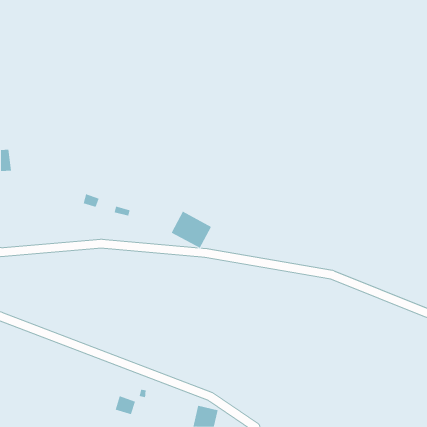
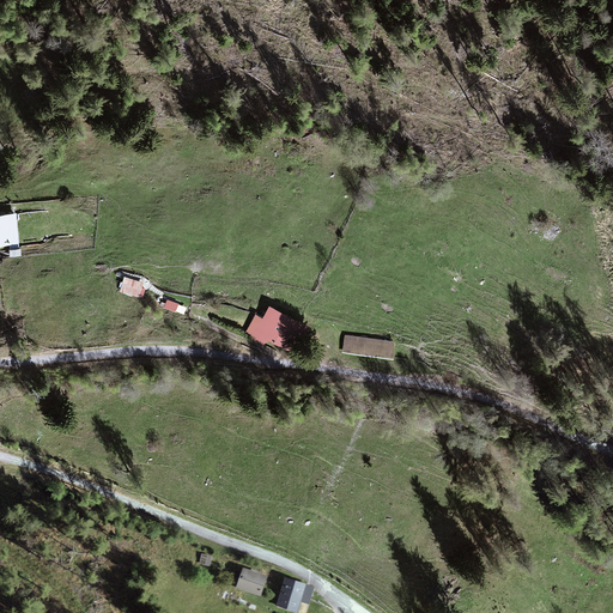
building: none -> [341,333,395,358]
building: [115,396,136,415] -> [235,569,265,596]

